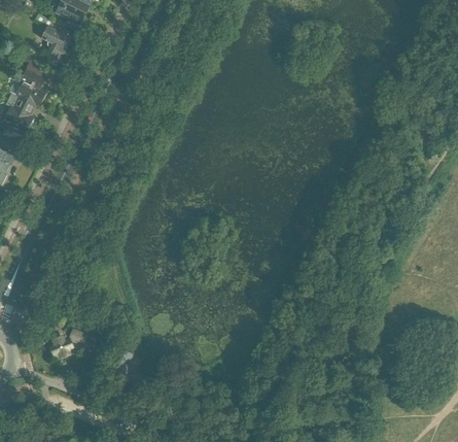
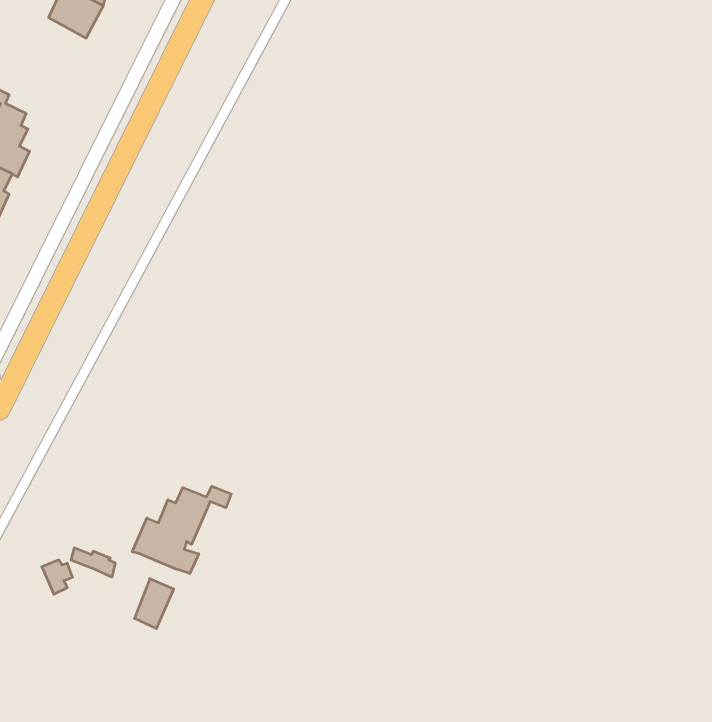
building: [35,13,72,64] -> none
building: none -> [132,486,231,574]

